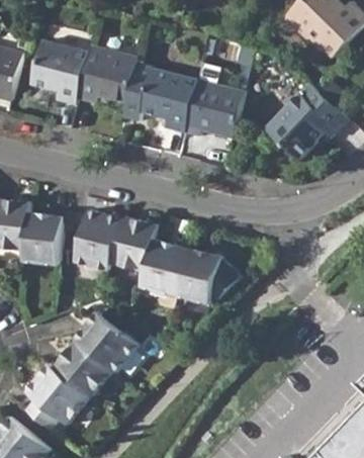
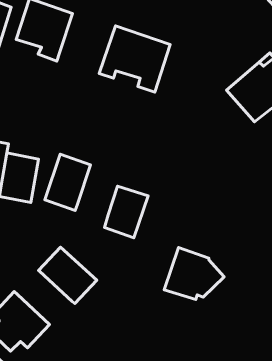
building: [77,47,138,103] -> none
building: [185,79,245,139] -> none
building: [109,215,156,271] -> none
building: [174,247,239,302] -> [164,248,224,299]
building: [51,339,111,397] -> none

